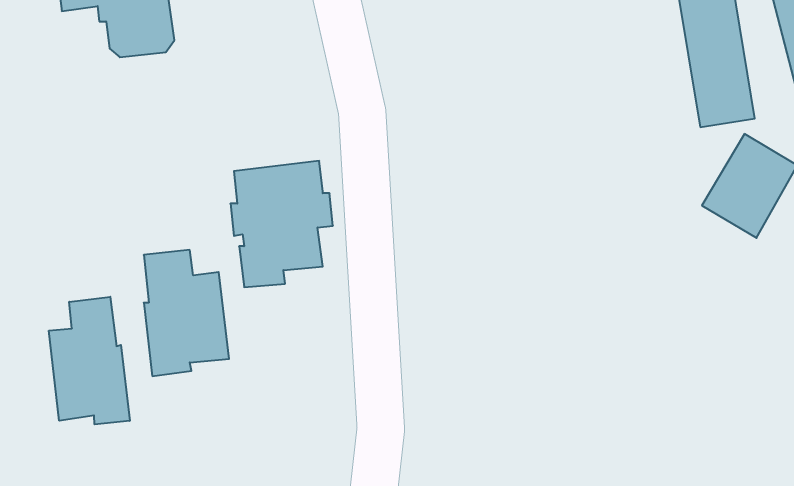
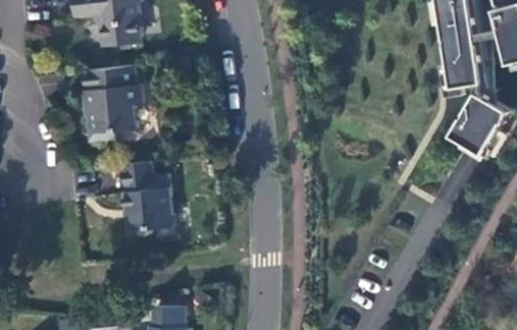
building: [230,161,333,287] -> [81,64,142,140]
building: [49,297,130,424] -> none

